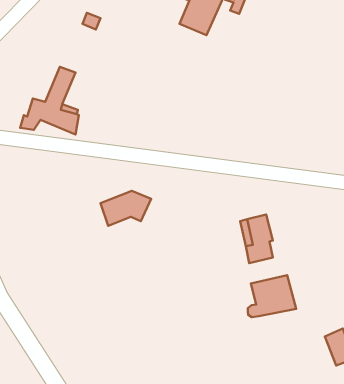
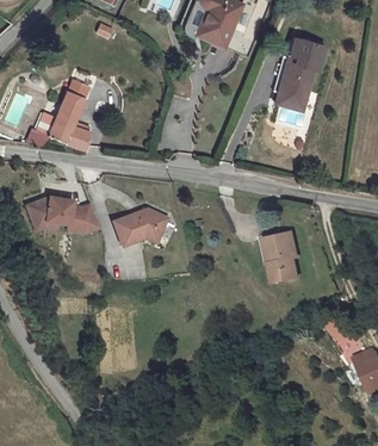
building: none -> [278,37,327,110]
building: none -> [27,196,99,233]
building: [248,275,296,317] -> none

